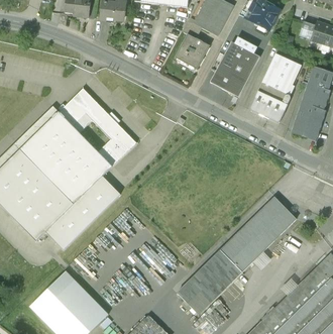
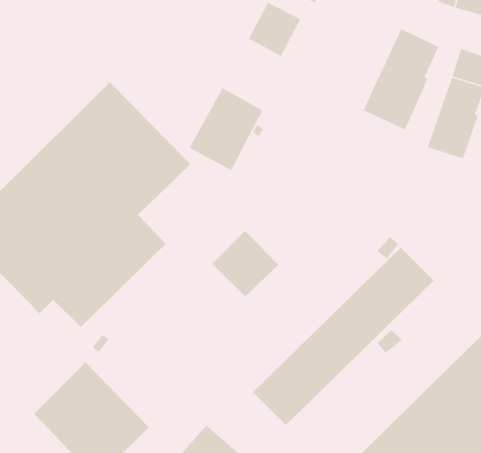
building: [210,41,259,97] -> [189,87,264,171]
building: none -> [212,230,279,297]

